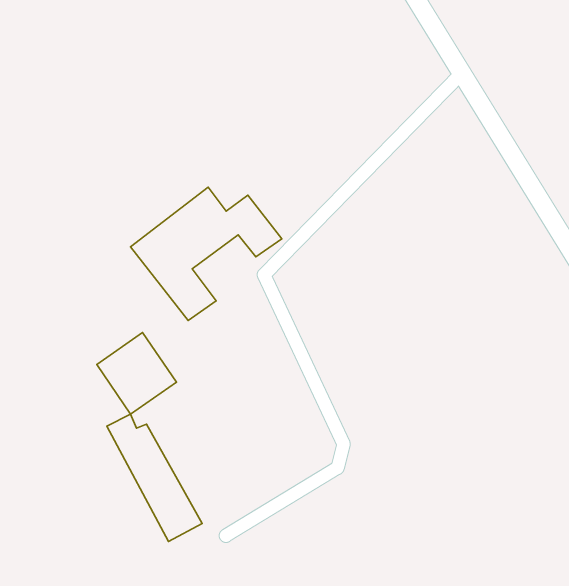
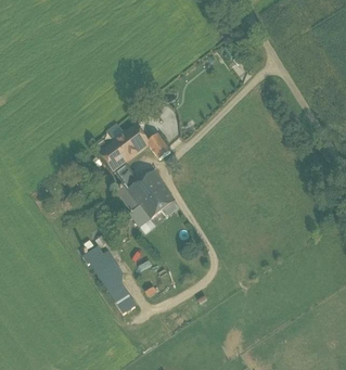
building: [97,333,176,414] -> [131,174,175,218]

